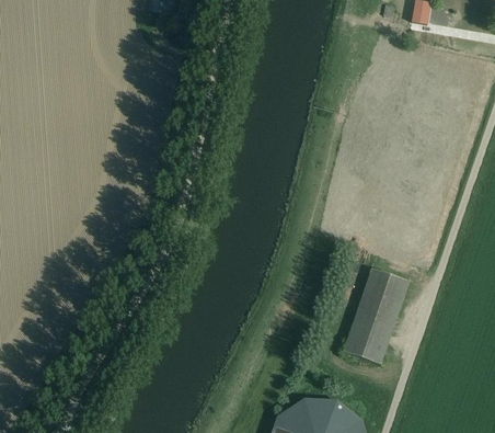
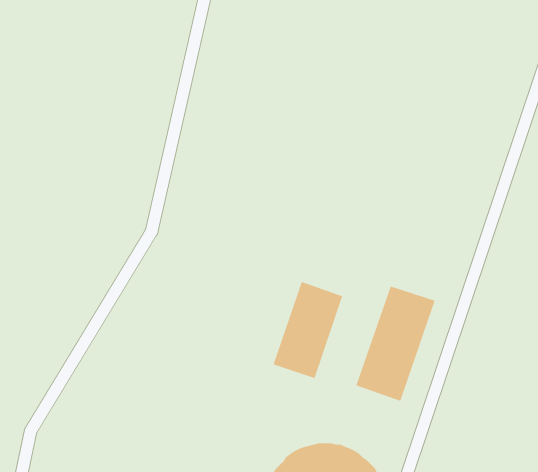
building: none -> [273,281,343,379]

